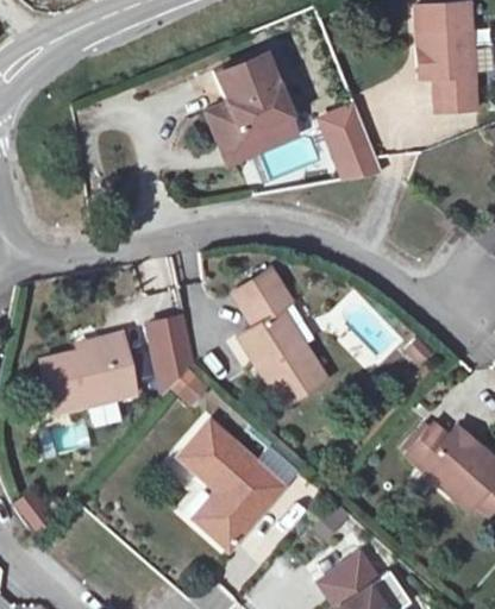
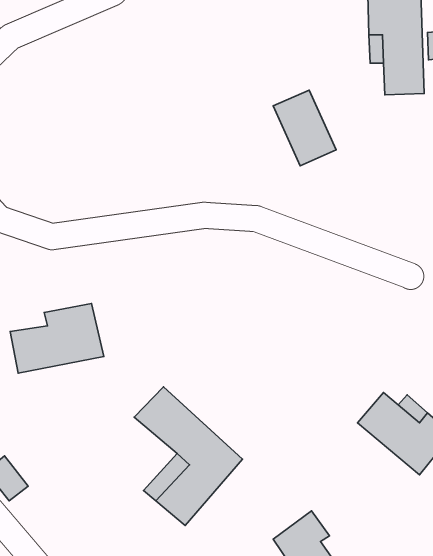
building: [205,55,292,158] -> none
building: [231,276,334,408] -> none
building: [149,315,193,394] -> none

